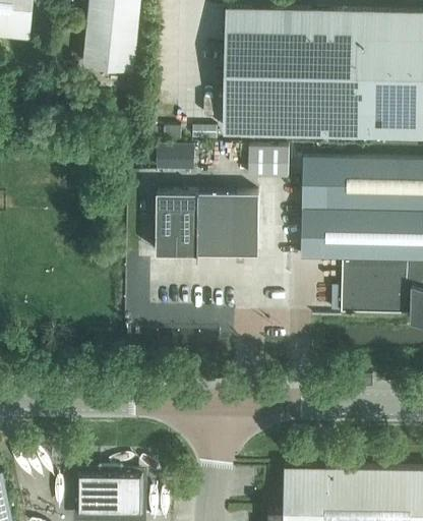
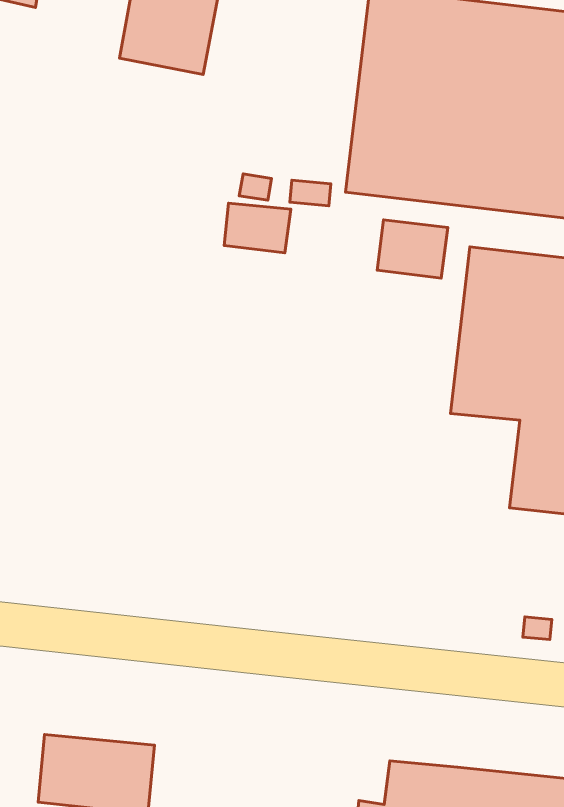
building: [155,193,258,256] -> none

